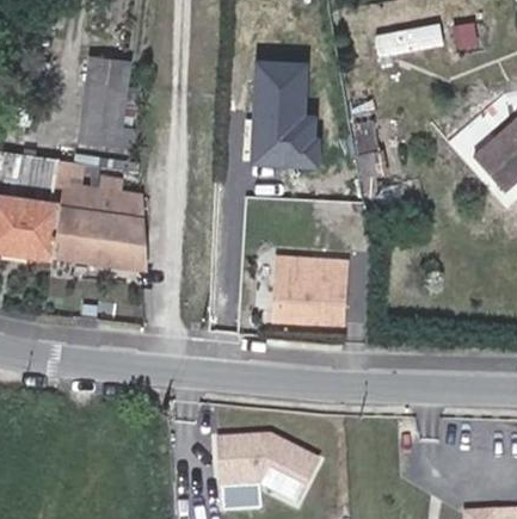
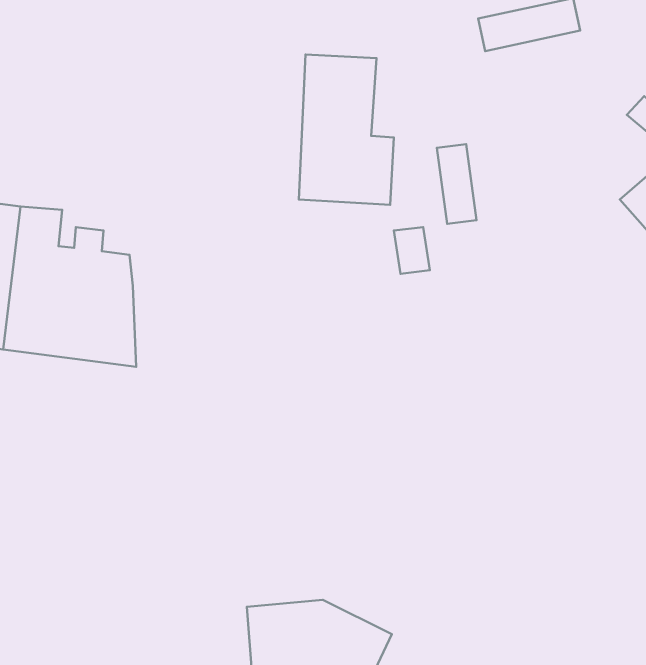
building: [73,64,122,135] -> none
building: [254,260,338,323] -> none

